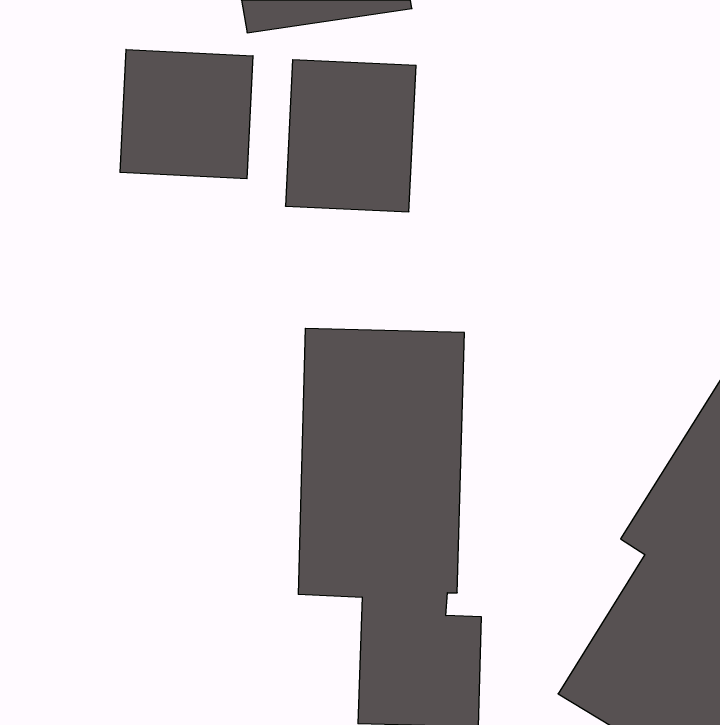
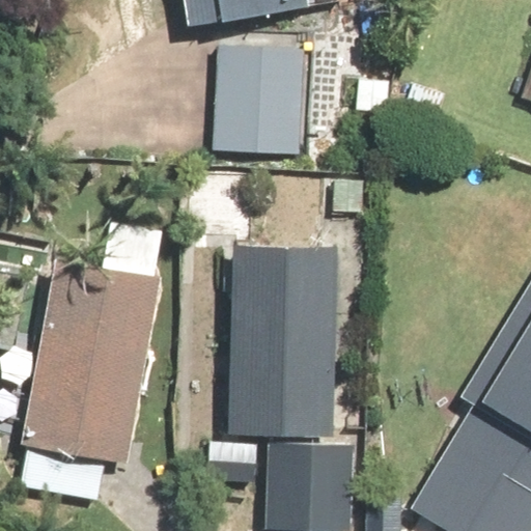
building: [120,49,253,179] -> none
building: none -> [18,259,162,464]

